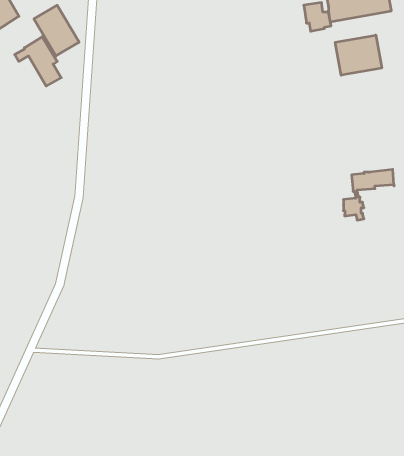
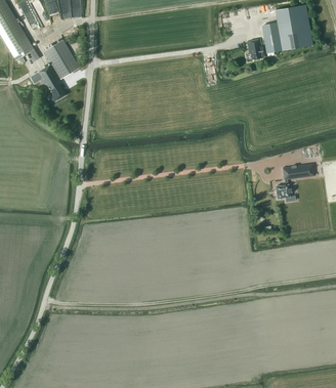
building: [335,35,382,75] -> none

